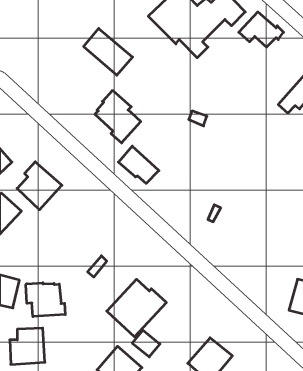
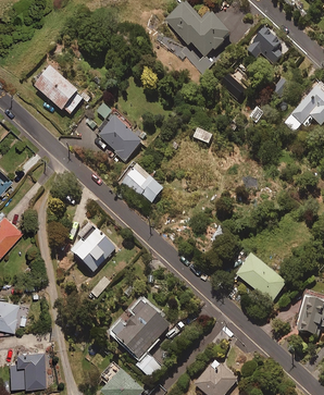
building: [84,28,133,75] -> [34,66,84,114]
building: [17,162,62,210] -> [70,223,115,272]
building: none -> [236,256,286,301]
building: [26,283,65,317] -> none

